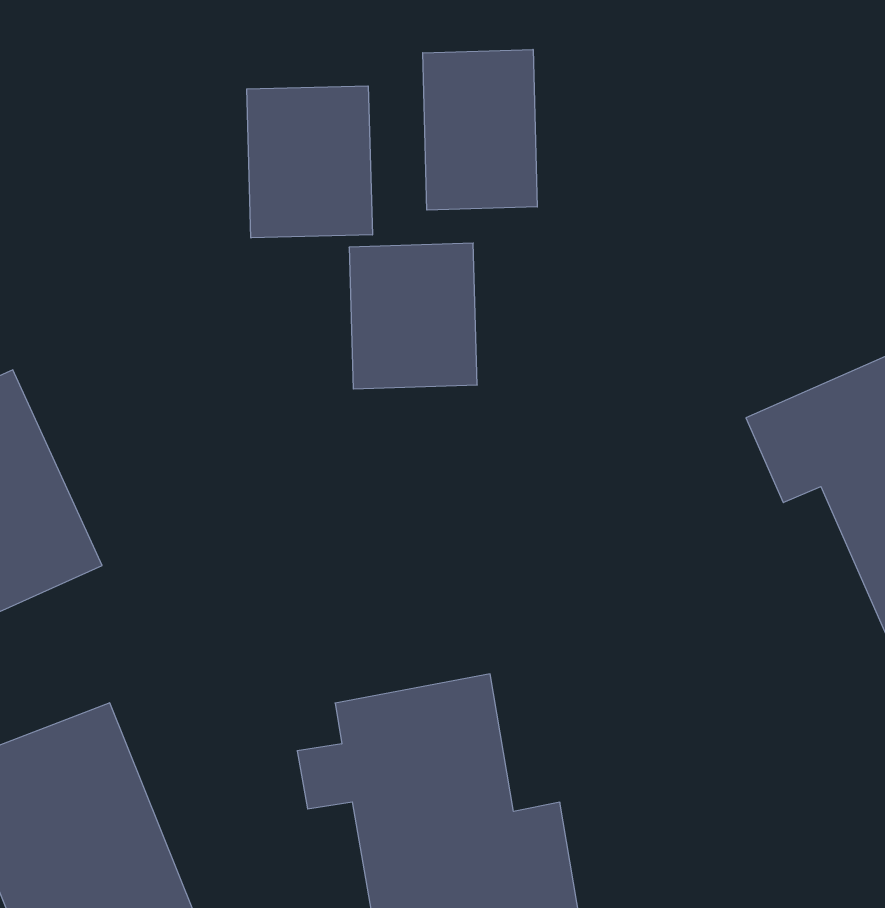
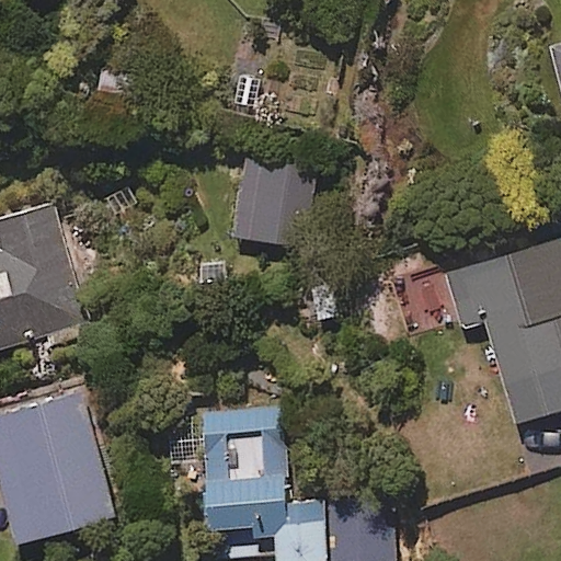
building: [423,49,537,210] -> none
building: [247,86,372,238] -> none

